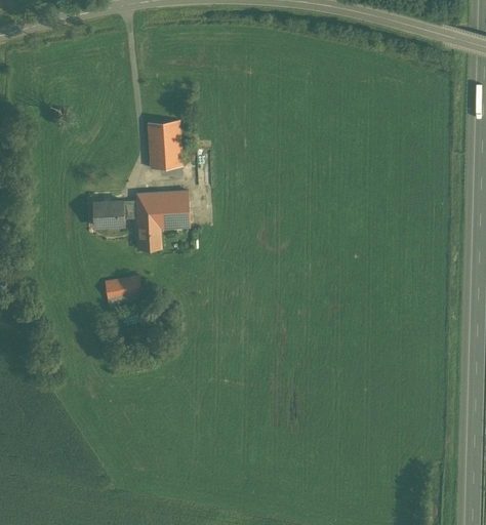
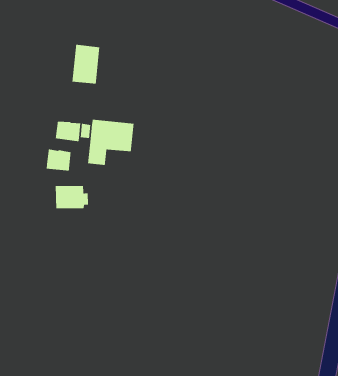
building: [148,121,181,169] -> [72,44,100,84]
building: none -> [46,149,72,171]

